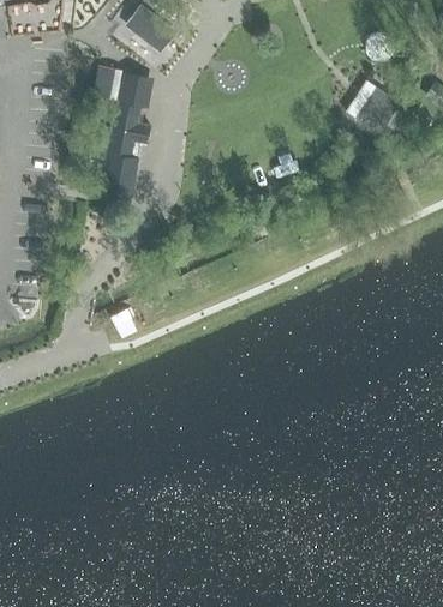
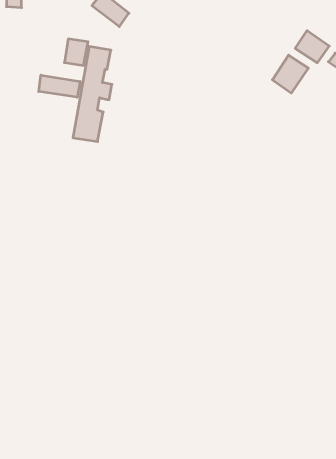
building: none -> [295,31,329,63]
building: none -> [39,75,80,97]

